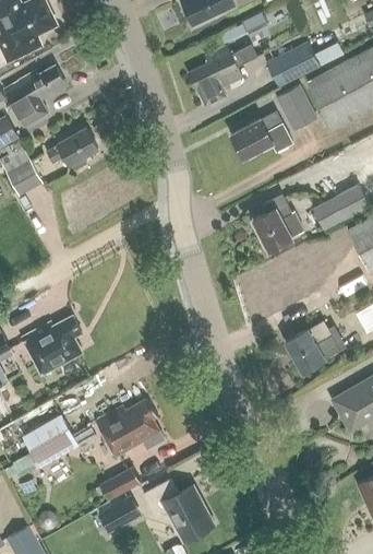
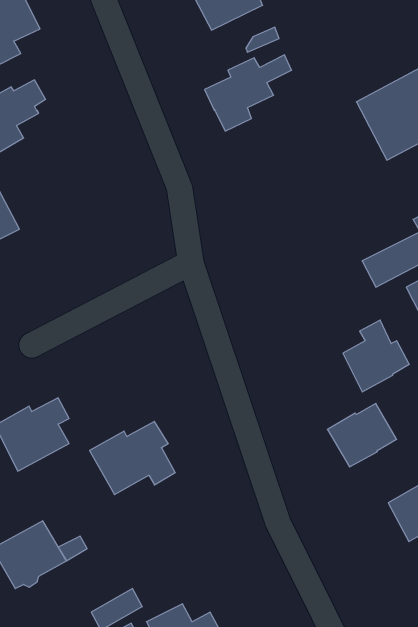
building: [267,42,321,86] -> none
building: [277,84,317,130] -> none
building: [231,111,293,160] -> none
building: [46,128,98,169] -> none
building: [253,195,305,251] -> [343,320,409,392]
building: [96,399,164,457] -> [90,421,175,495]

